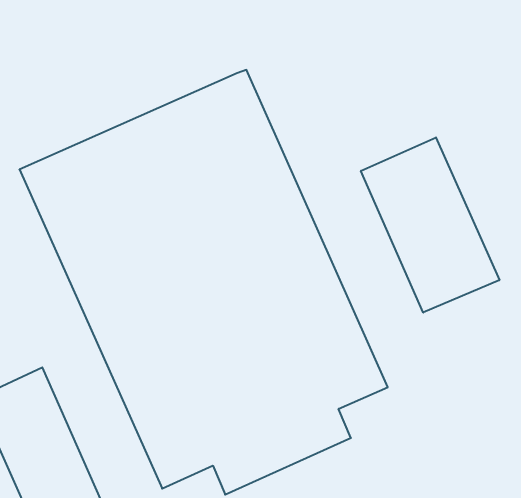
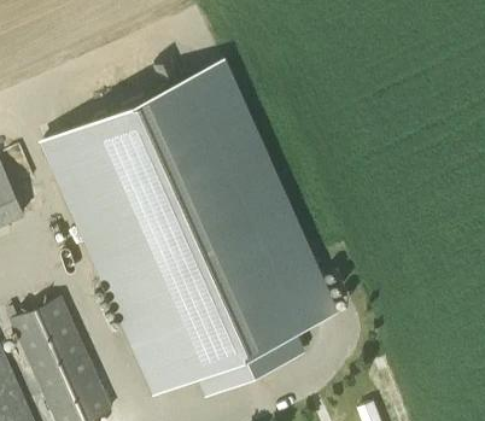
building: [361,137,499,313] -> none

